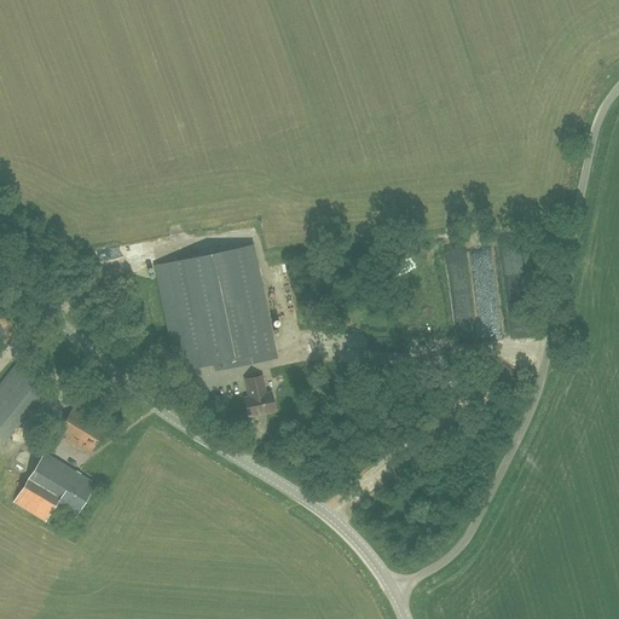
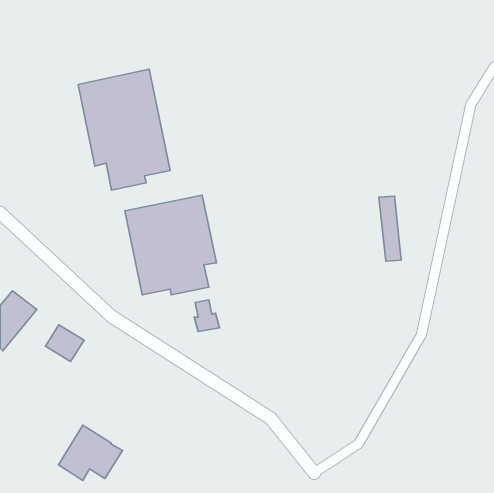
building: none -> [78,69,170,190]
building: [15,451,94,520] -> [59,425,122,480]

